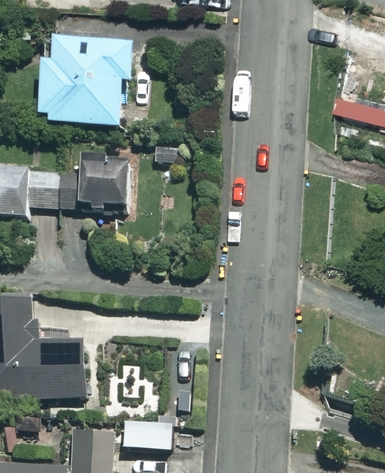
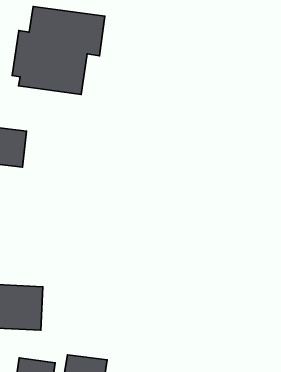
building: [76,155,128,213] -> none

